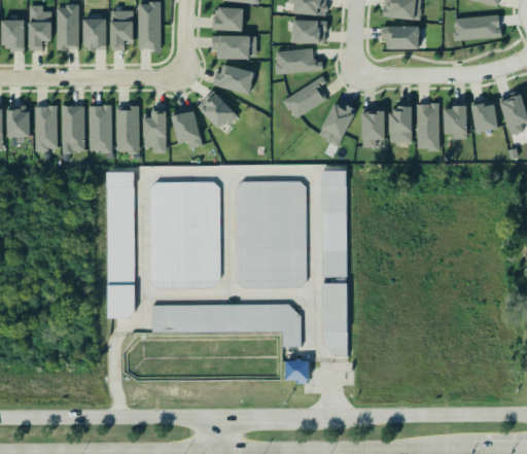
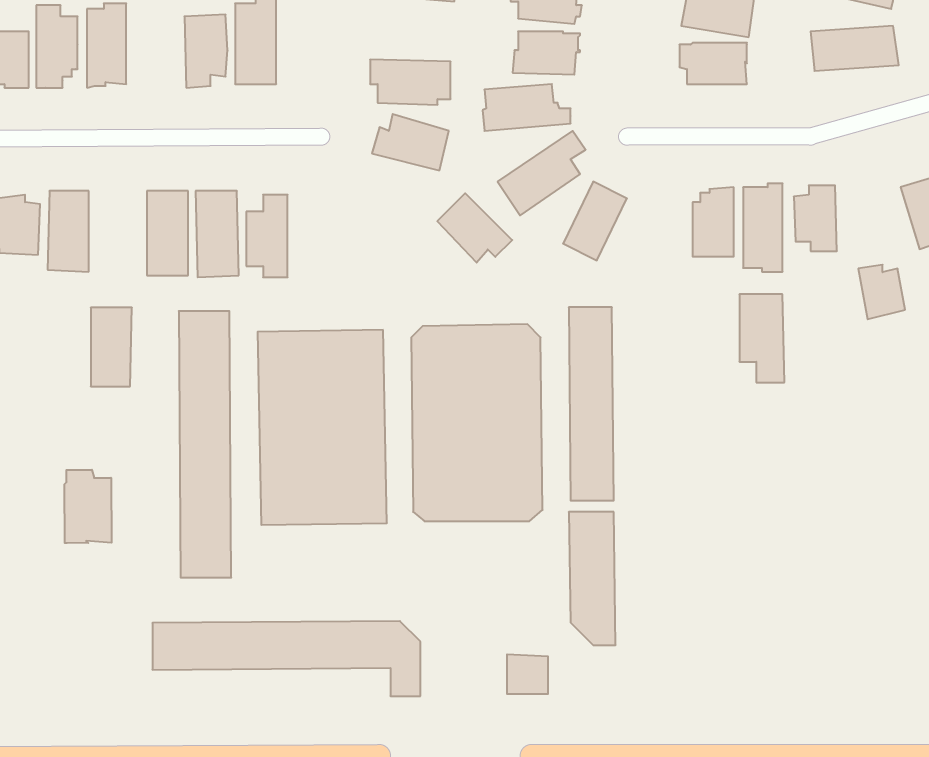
building: [213,7,244,31] -> none
building: [83,18,106,48] -> none
building: [197,90,238,128] -> [437,193,512,263]
building: [472,103,498,133] -> [858,265,905,319]
building: [63,106,85,149] -> [91,308,132,386]
building: [173,111,203,149] -> none
building: [361,111,386,160] -> [739,294,784,382]
building: none -> [64,470,112,543]
building: [152,304,300,345] -> [152,621,420,696]

